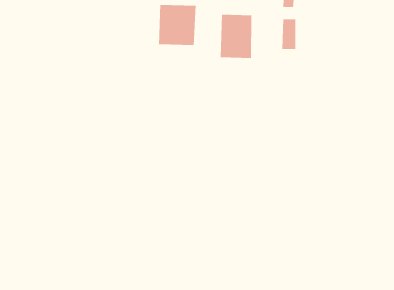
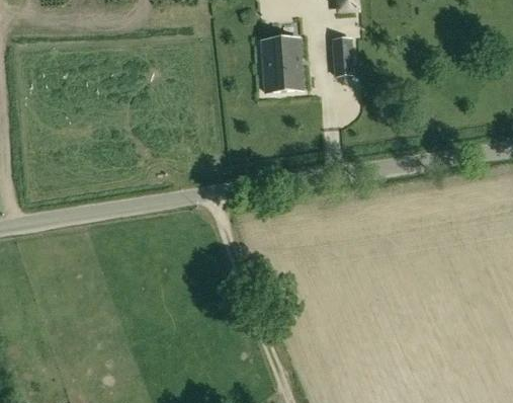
building: [159,4,196,46] -> none

